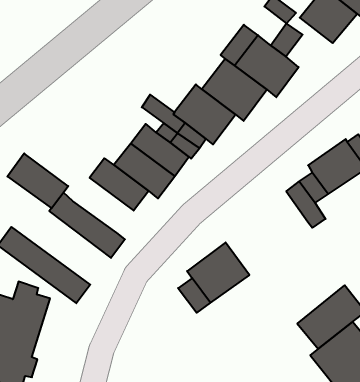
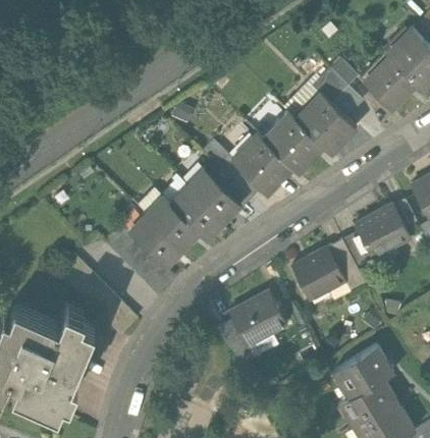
building: none -> [309,69,350,107]
building: [7,153,68,208] -> [127,215,184,270]
building: none -> [291,248,350,302]

